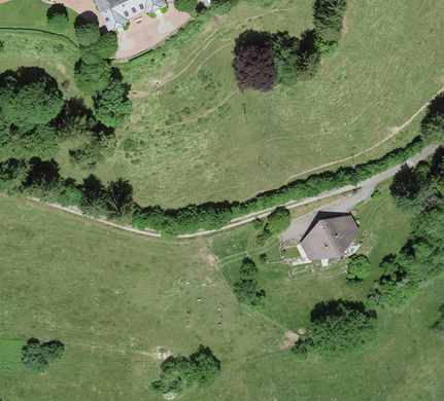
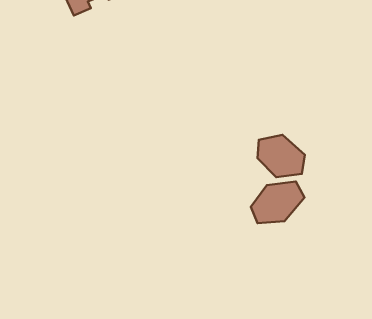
building: none -> [257,135,305,177]

